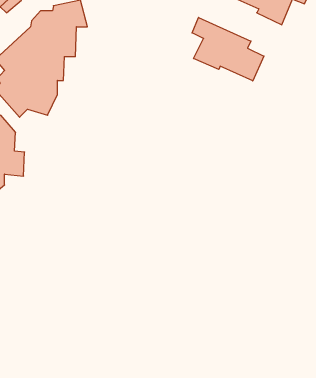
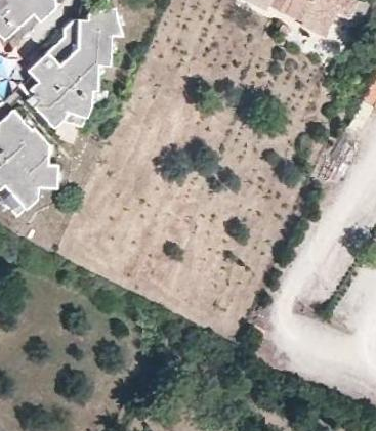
building: [192,17,264,81] -> none

